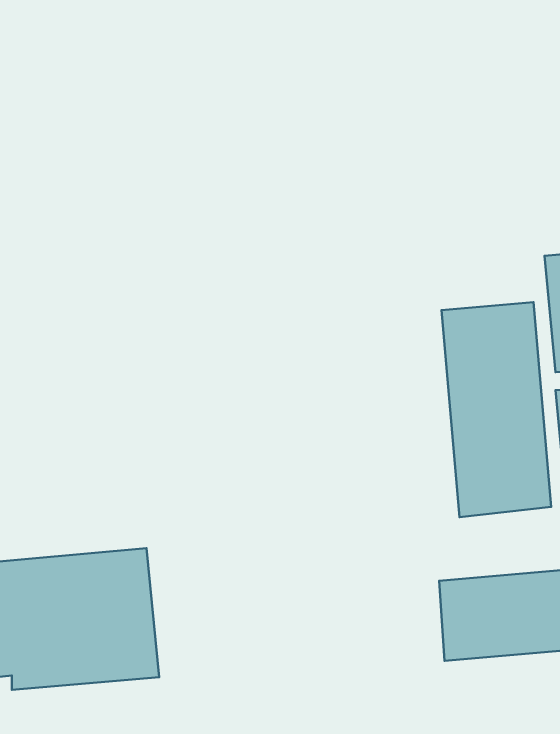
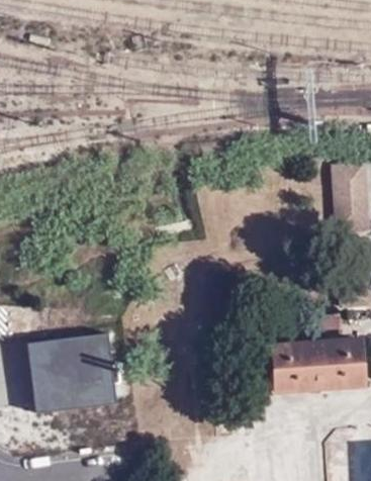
building: [441,302,551,517] -> none

